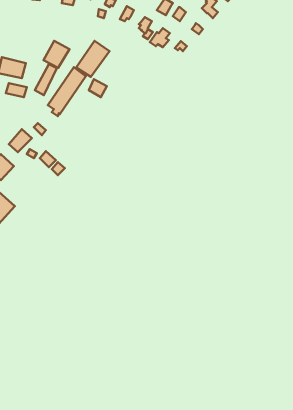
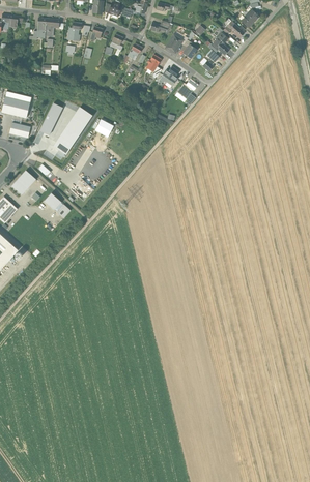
building: [44,41,69,68] -> none
building: [76,41,110,77] -> none

